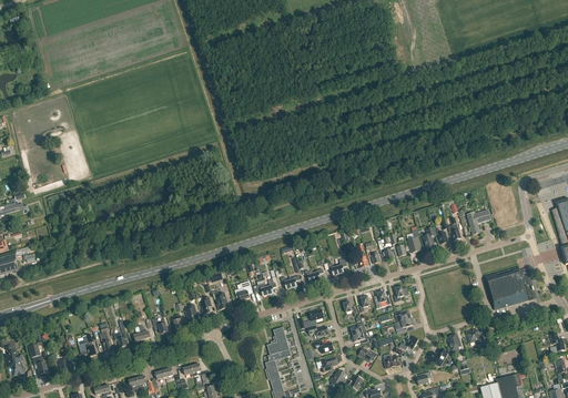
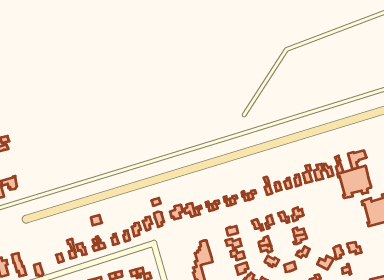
building: none -> [337,166,371,198]

